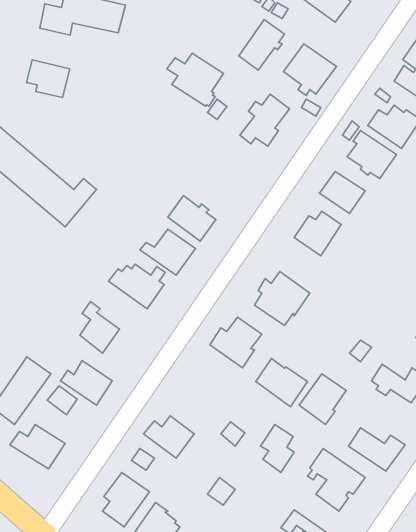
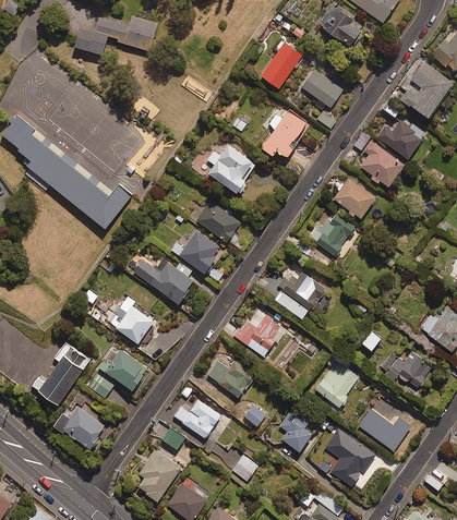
building: [167,53,223,106] -> [207,148,258,196]
building: [27,60,70,97] -> none
building: [256,359,308,407] -> [207,354,254,398]

